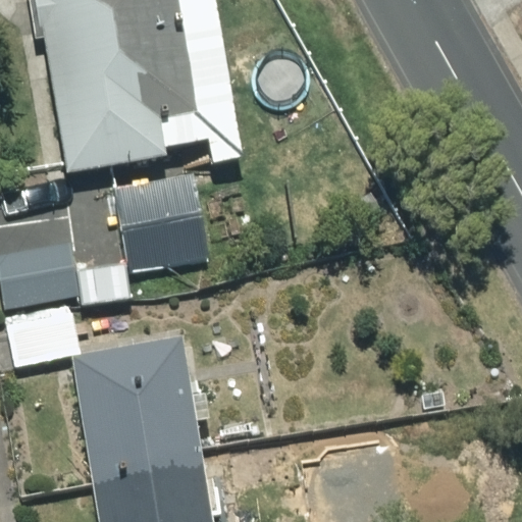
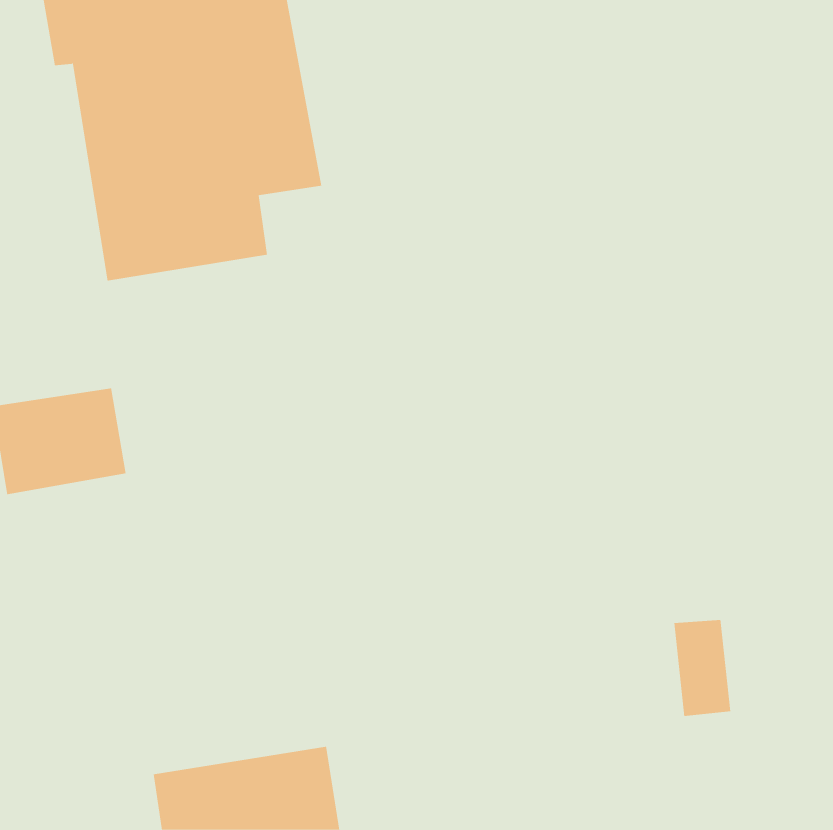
building: [114,174,206,270] -> none
building: [74,341,202,478] -> none

